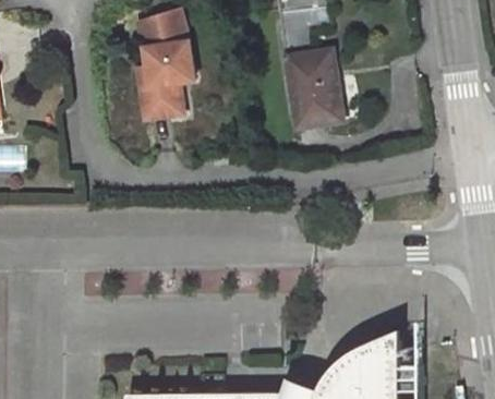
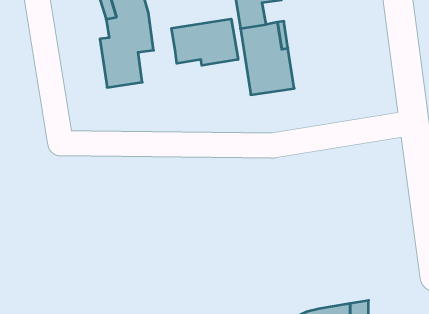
building: none -> [172,19,238,65]

